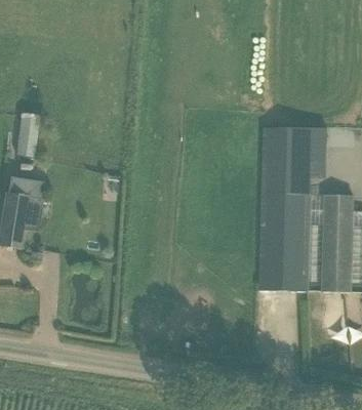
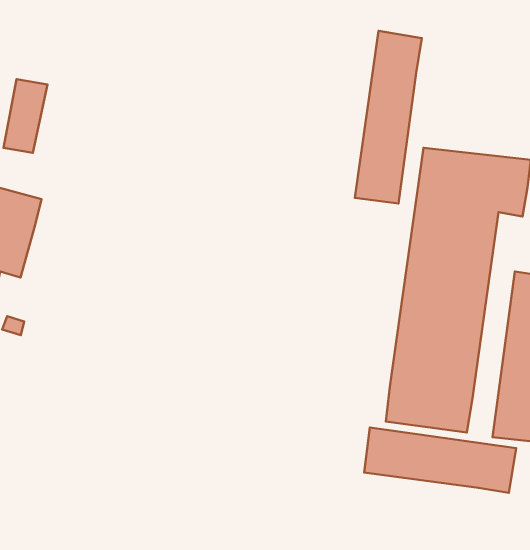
building: none -> [355,31,422,203]
building: none -> [364,427,516,493]

